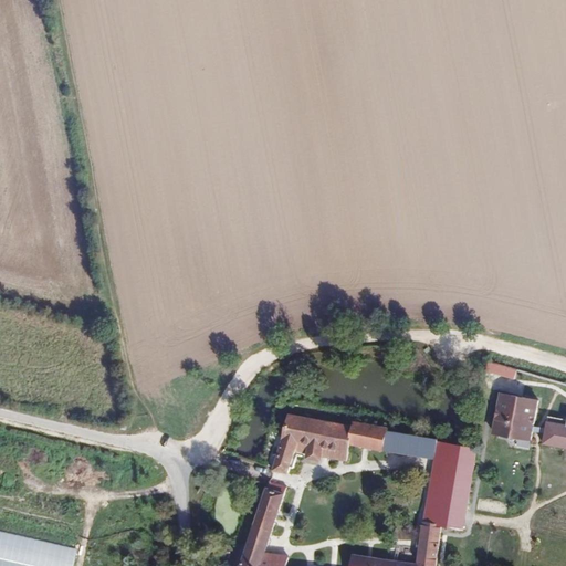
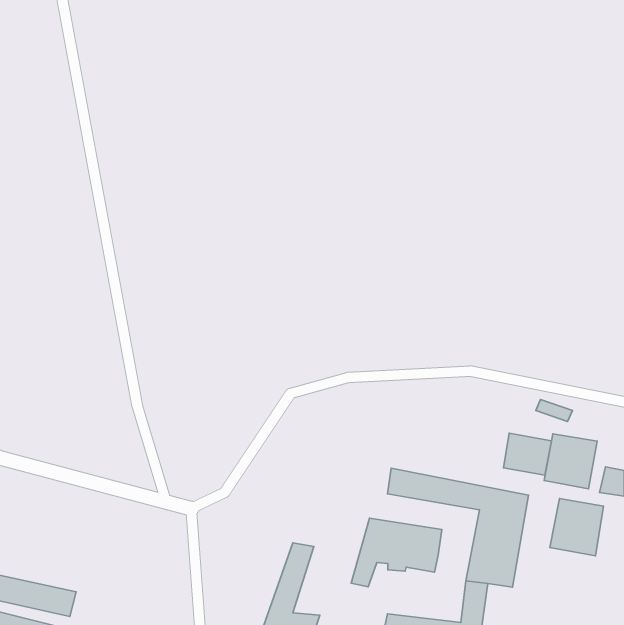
building: none -> [504,433,552,475]
building: [271,413,353,475] -> [351,518,442,587]
building: none -> [550,498,604,556]

